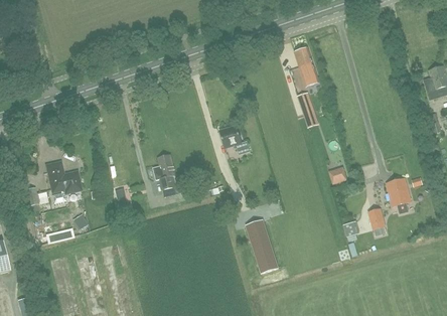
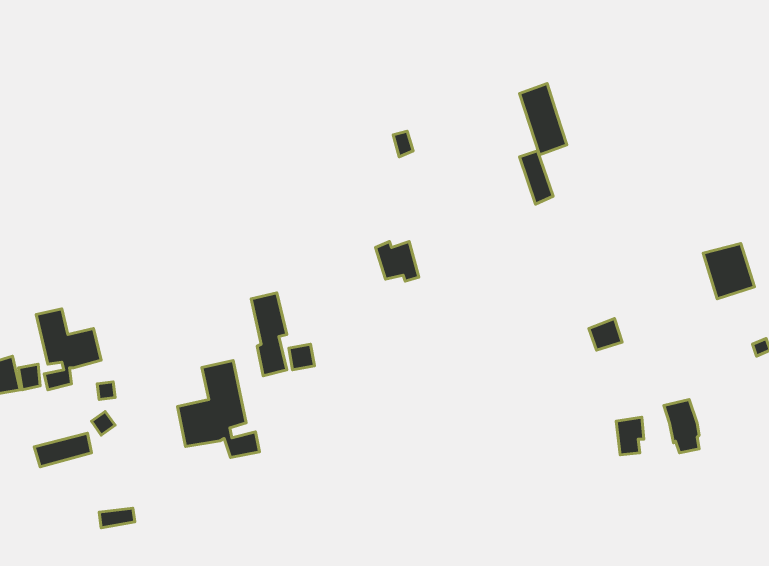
building: [383,177,409,205] -> [703,243,755,299]
building: none -> [177,361,260,458]
building: [245,219,277,273] -> none

